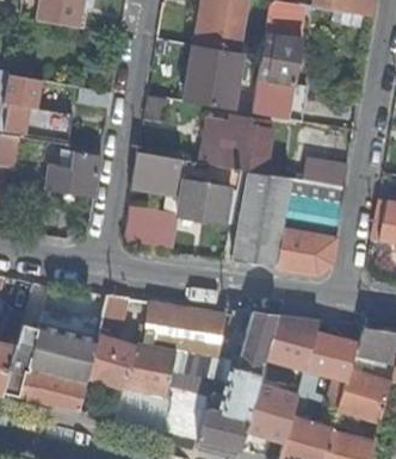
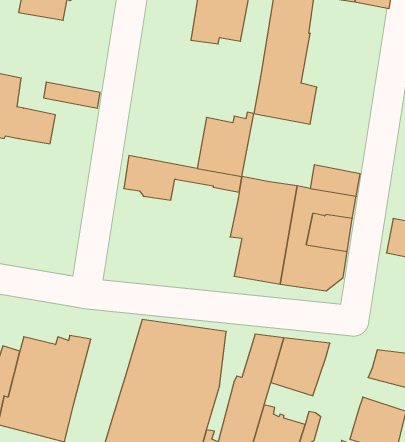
building: [184,46,243,111] -> none
building: [240,113,273,175] -> none
building: [45,147,100,196] -> none
building: [123,181,236,247] -> none
building: [87,308,135,387] -> none
building: [304,334,358,382] -> none

